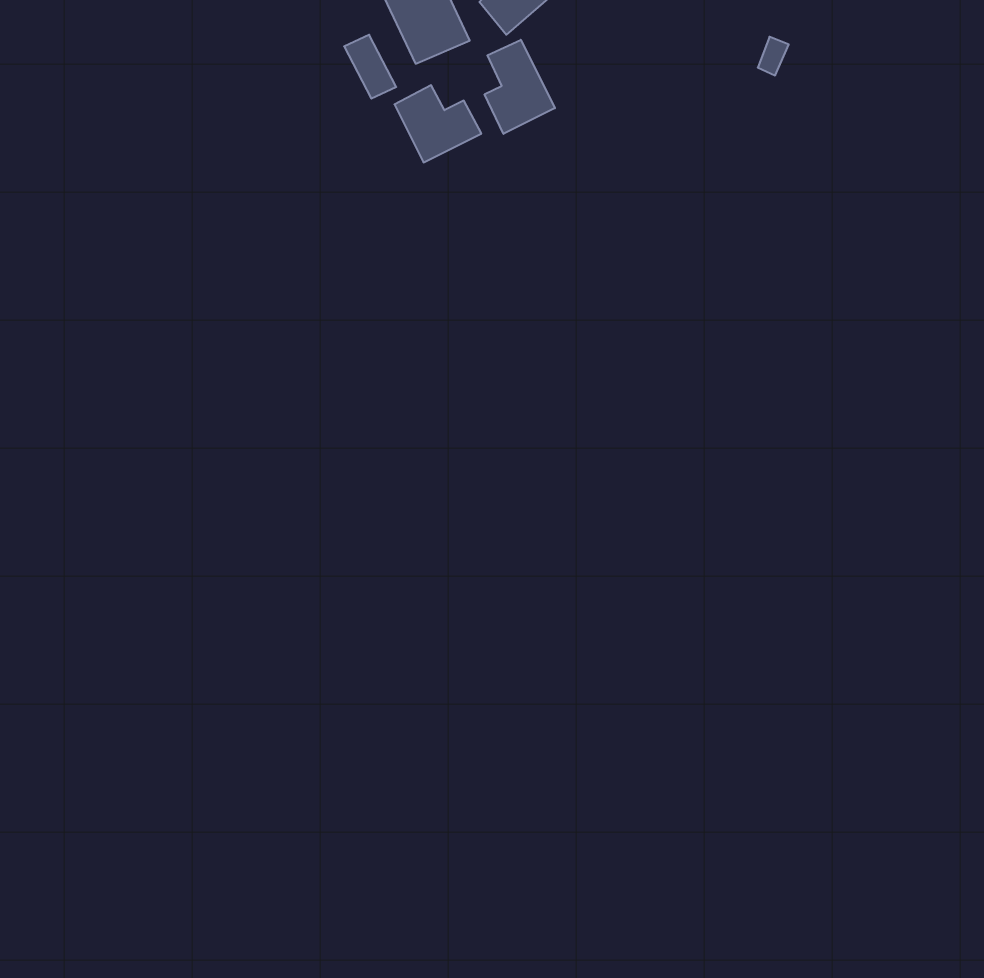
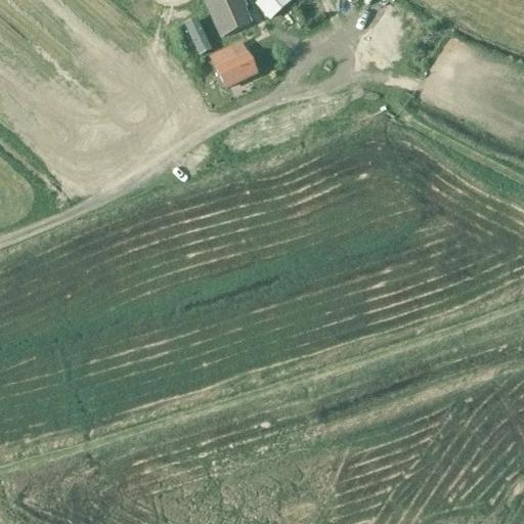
building: [485,40,555,134] -> none

